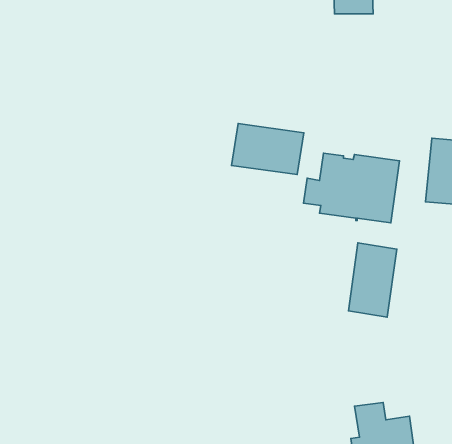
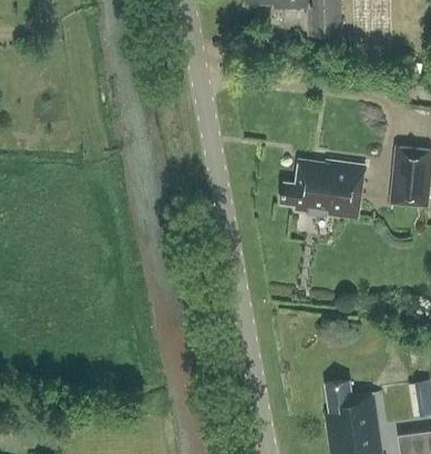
building: [232,124,304,175] -> none
building: [348,243,397,317] -> none

